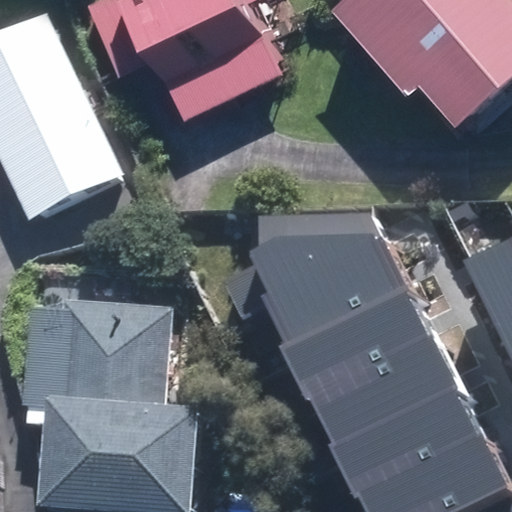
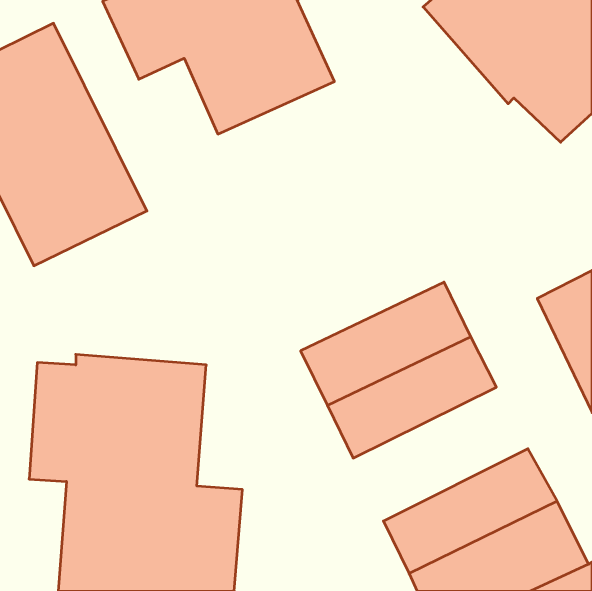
building: [219,208,381,312] -> none
building: [303,332,453,447] -> none

